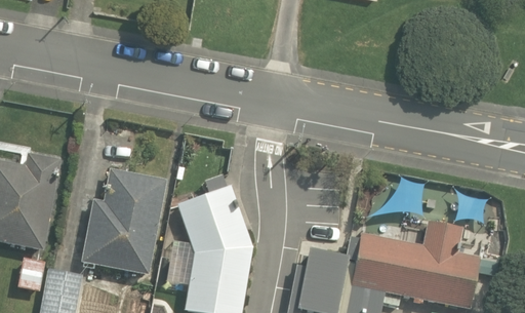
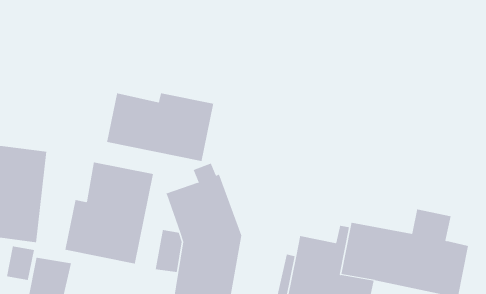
building: none -> [107,92,214,162]

